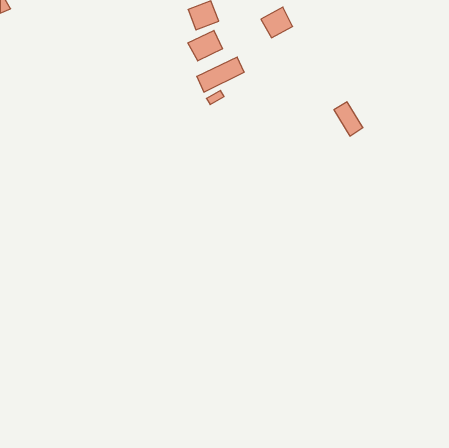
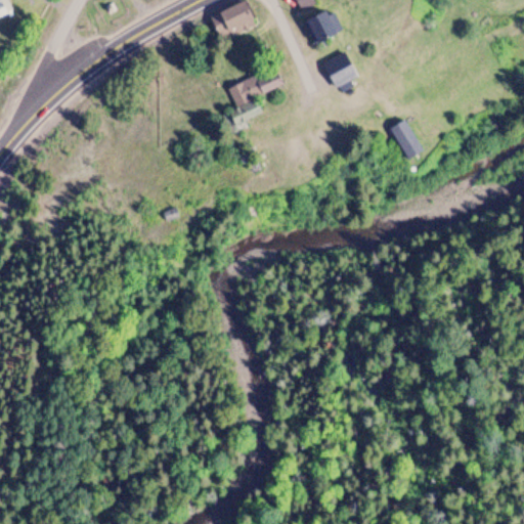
building: [188,30,222,61] -> none
building: none -> [325,54,356,87]

